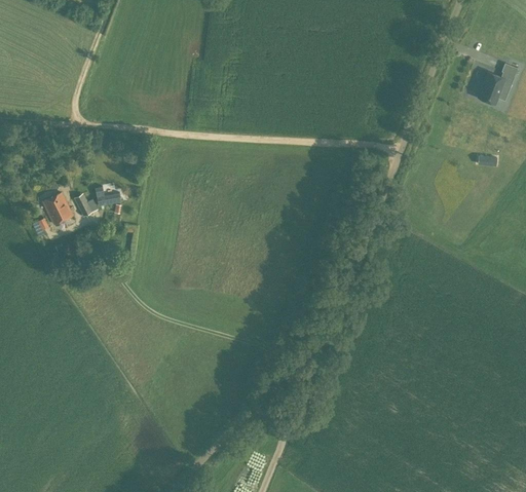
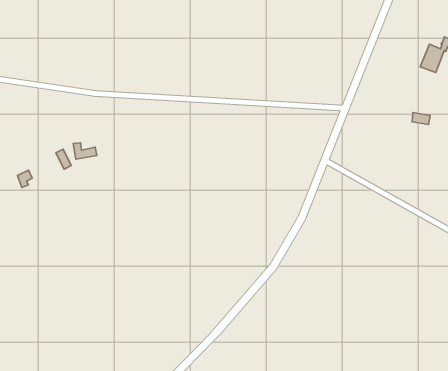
building: [43,191,72,223] -> none

